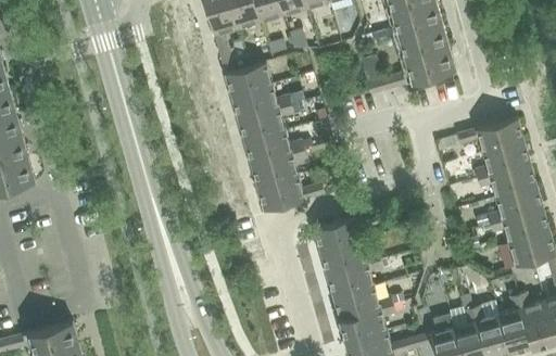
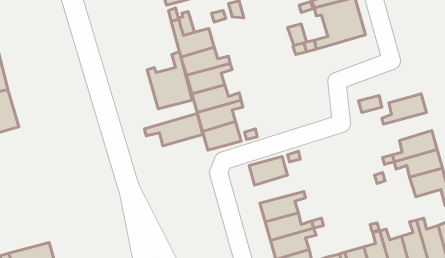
building: none -> [147,52,192,109]
building: [456,117,521,152] -> none
building: [476,164,534,198] -> none
building: none -> [144,113,203,146]
building: [319,240,379,274] -> none

